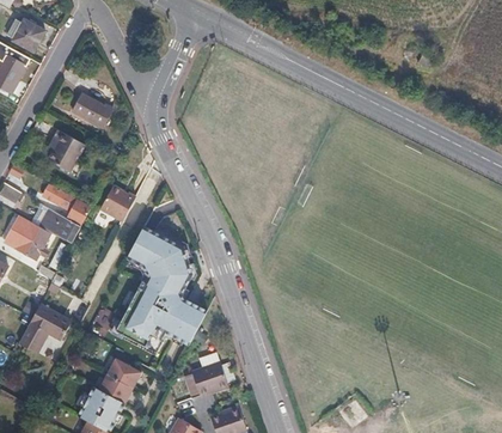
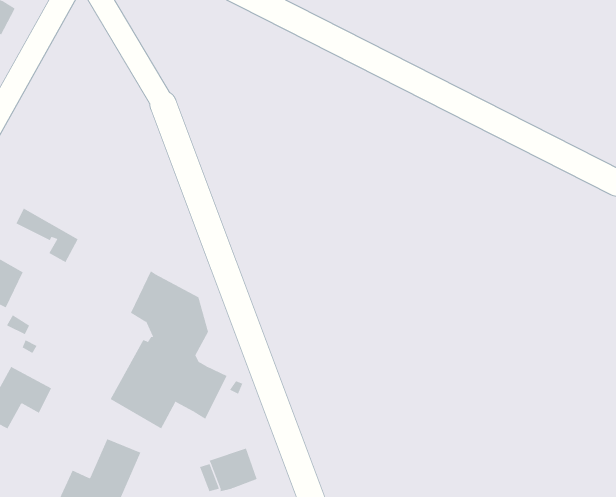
building: [71,92,109,126] -> none
building: [48,127,84,169] -> none
building: [100,191,137,227] -> none
building: [43,208,81,242] -> none

